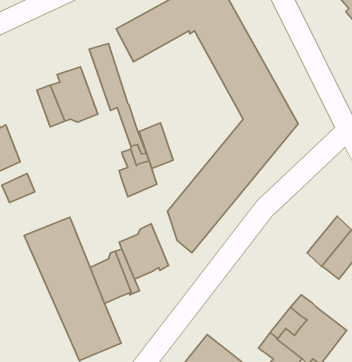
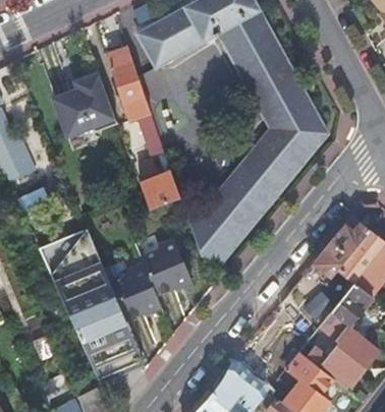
building: [139,123,173,169] -> none
building: none -> [313,217,369,279]
building: none -> [331,283,372,327]

